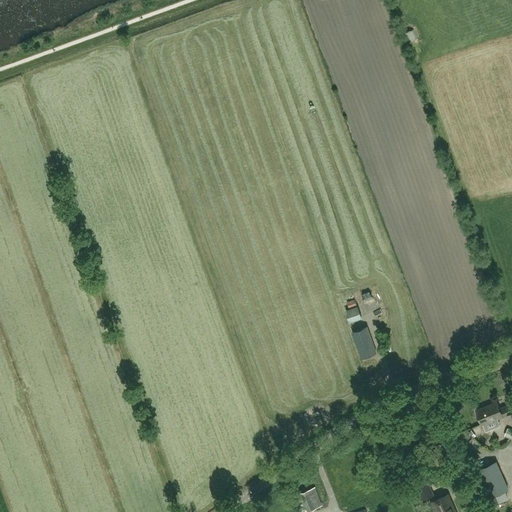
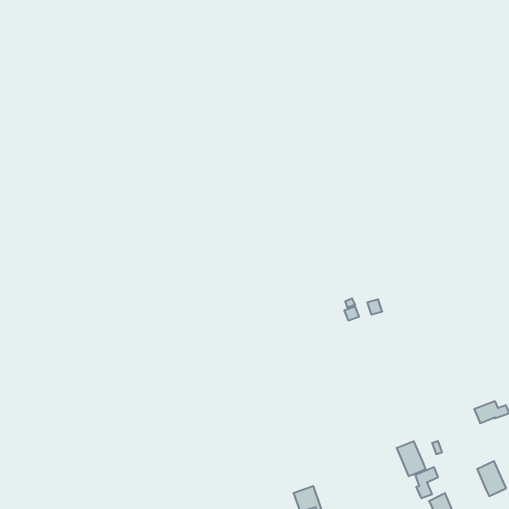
building: [351,328,375,359] -> none
building: none -> [397,441,426,476]

